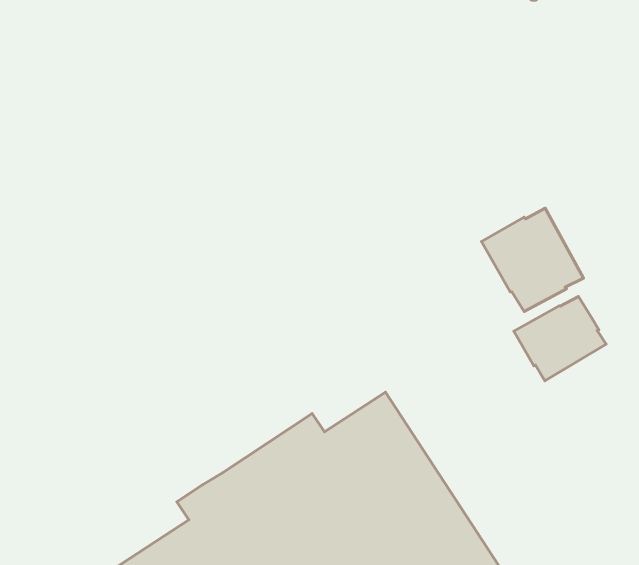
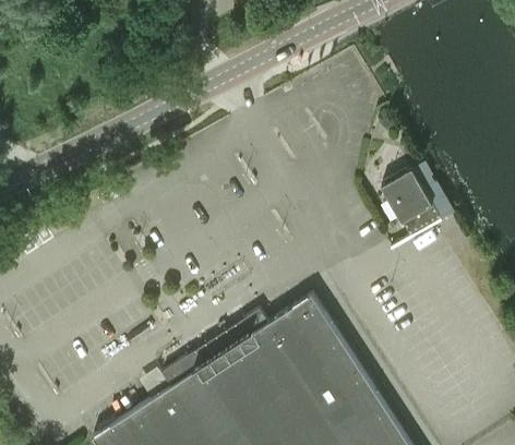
building: [514,297,606,381] -> none

